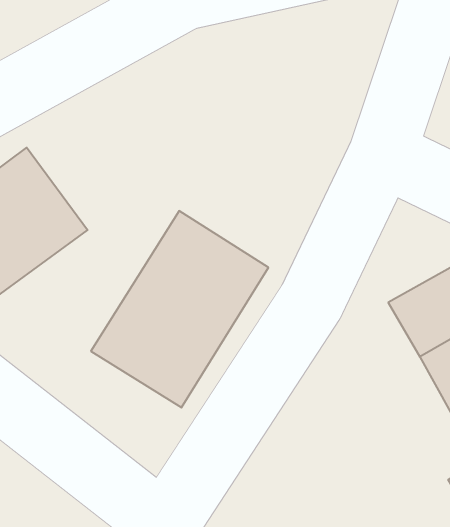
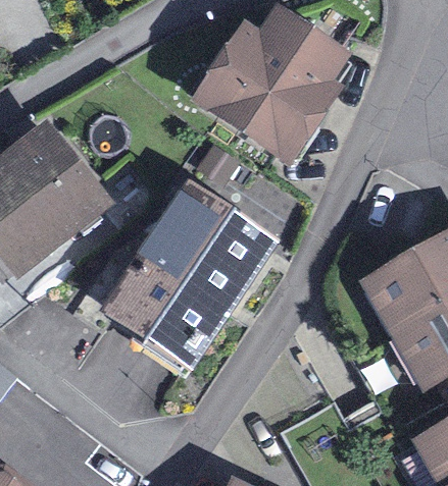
building: none -> [205,21,342,153]

